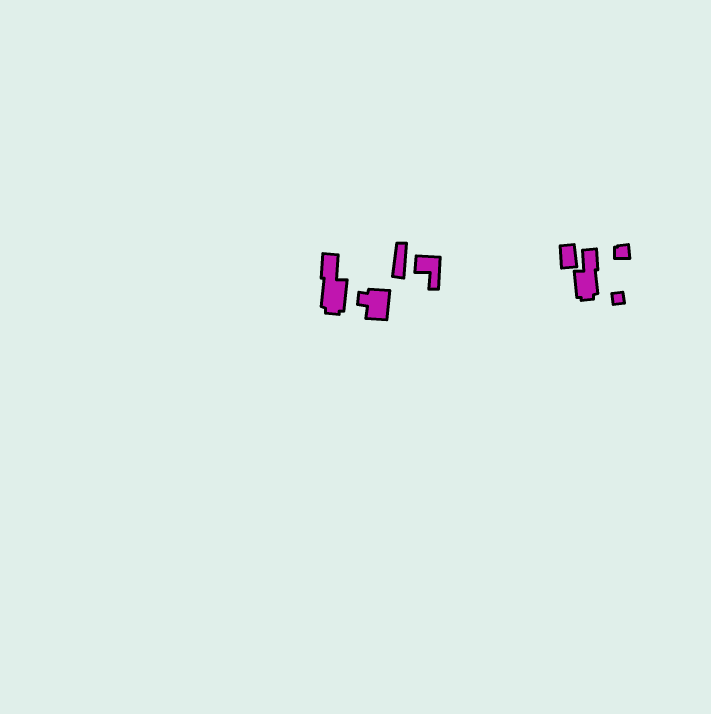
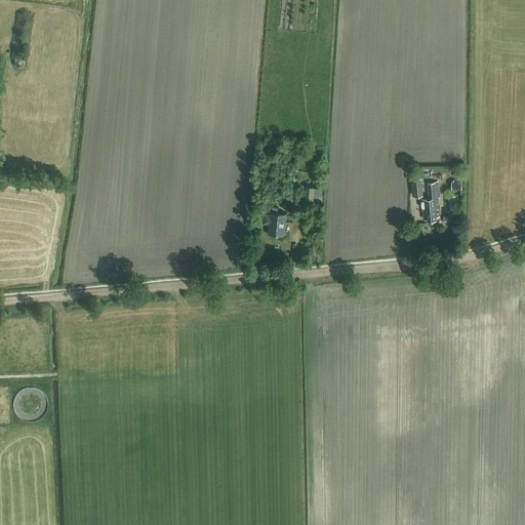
building: [321,253,347,315] -> none

